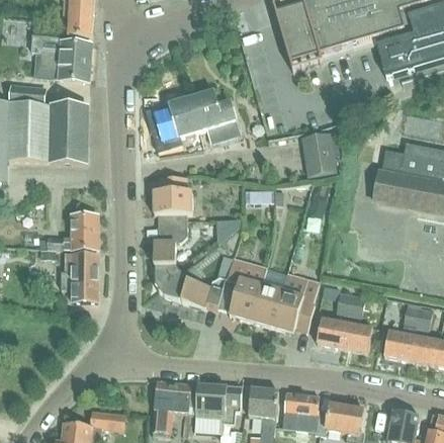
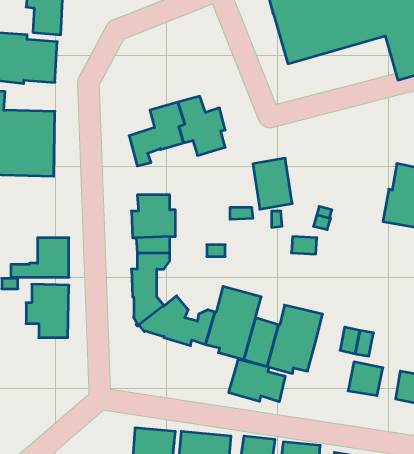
building: [302,131,337,176] -> [253,158,292,209]
building: [317,317,348,347] -> none
building: none -> [229,359,285,402]

